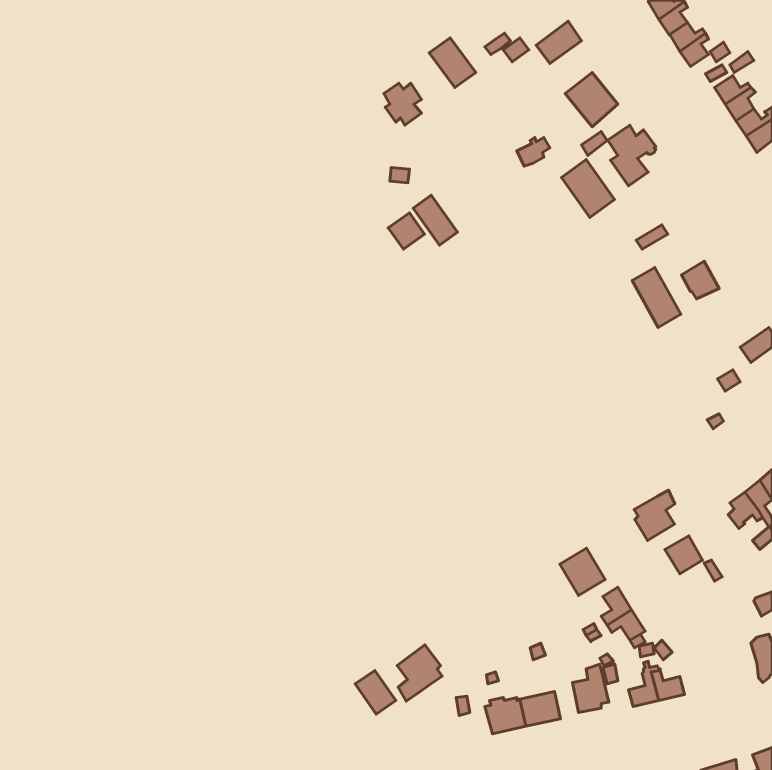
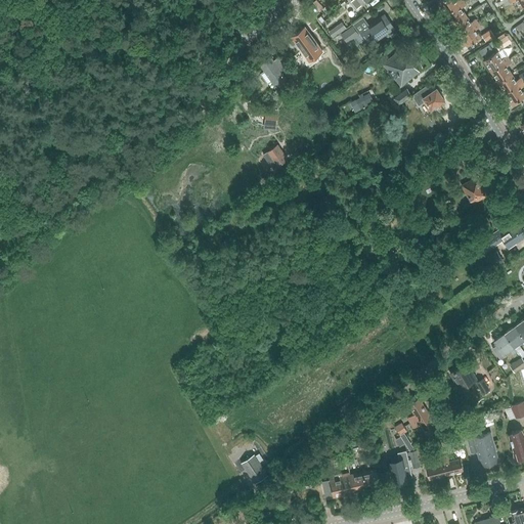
building: [562,160,614,217] -> none
building: [413,195,458,245] -> none
building: [632,267,681,327] -> none
building: [634,490,675,540] -> none
building: [560,548,605,595] -> none
building: none -> [467,434,497,467]
building: [397,645,442,701] -> none

